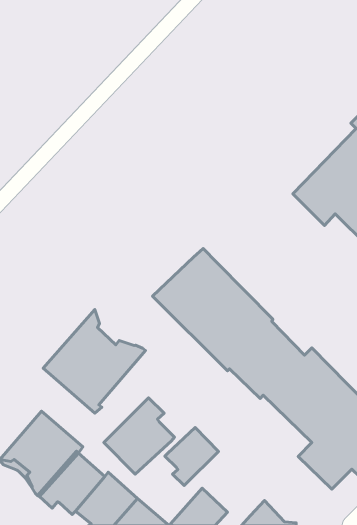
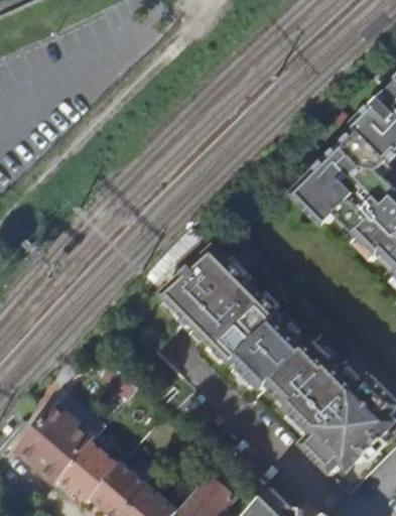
building: [43,310,146,413] -> none
building: [104,398,175,474] -> none
building: [165,428,218,486] -> none

